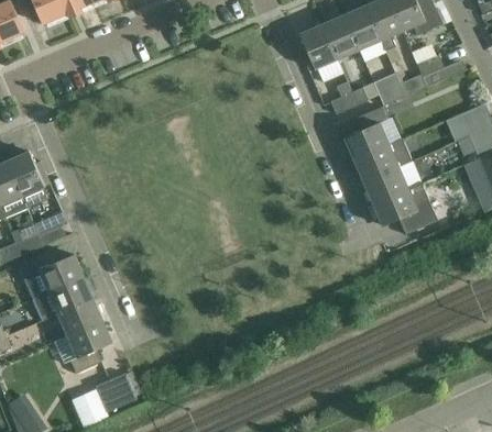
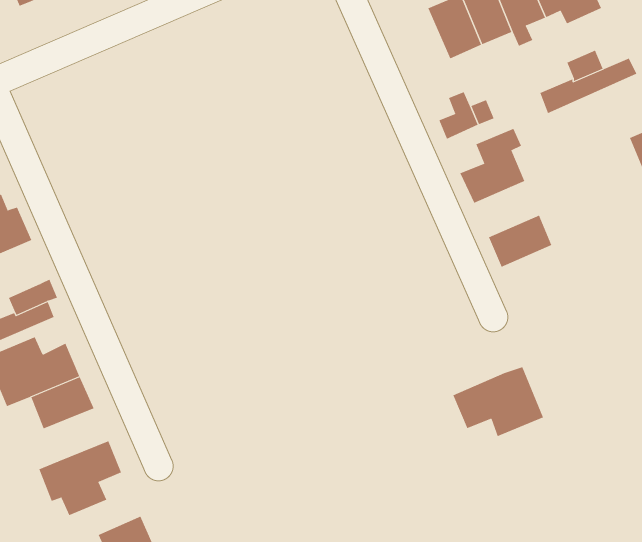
building: [299,24,337,69] -> none
building: [373,73,404,106] -> none
building: [353,137,411,181] -> none
building: [372,182,435,231] -> [452,366,544,437]
building: [57,299,102,335] -> none

